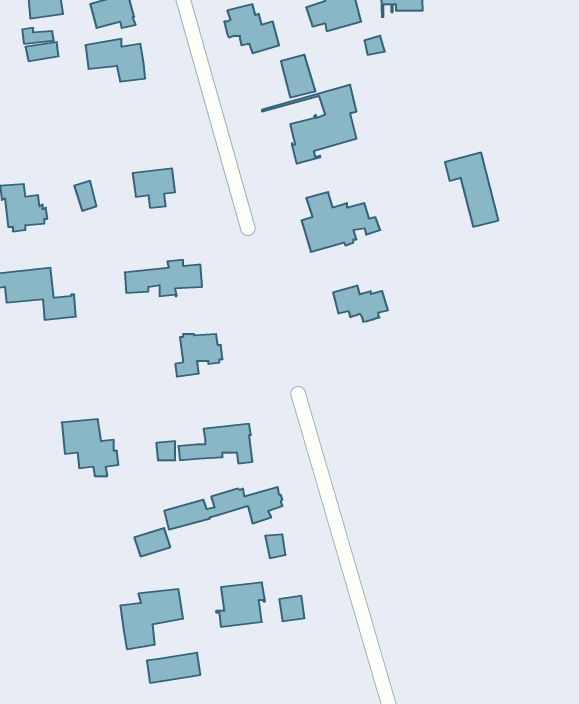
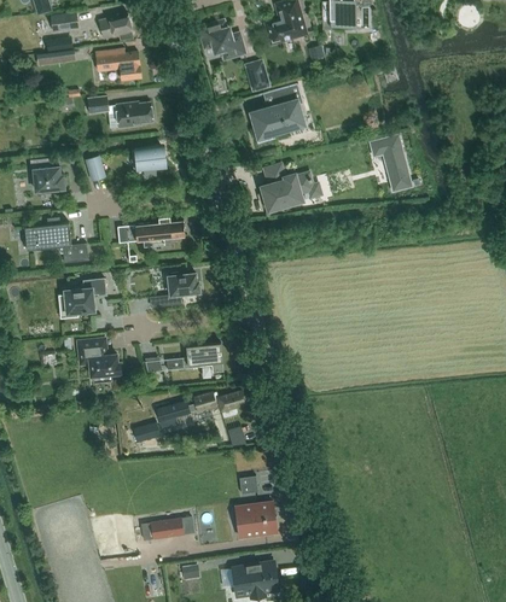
building: none -> [88,97,153,128]
building: [333,285,388,322] -> none
building: none -> [65,279,106,314]
building: [216,582,265,627] -> [238,503,275,537]
building: [121,589,183,649] -> none

